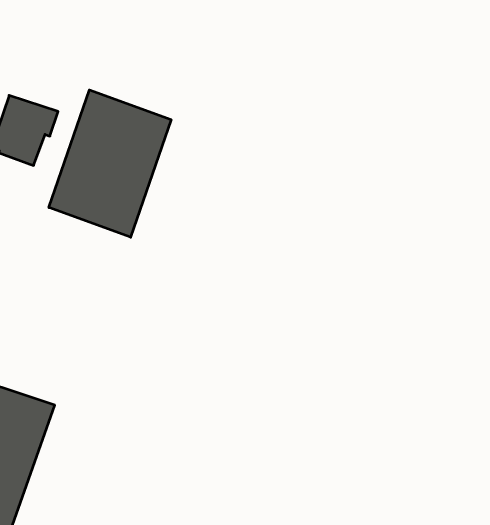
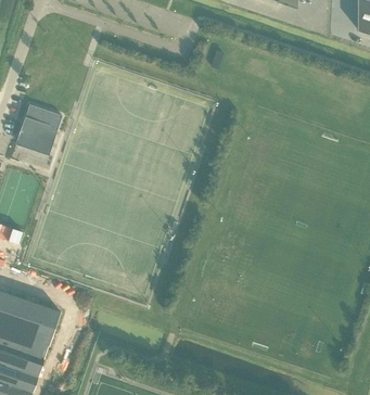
building: [49,90,171,237] -> none

